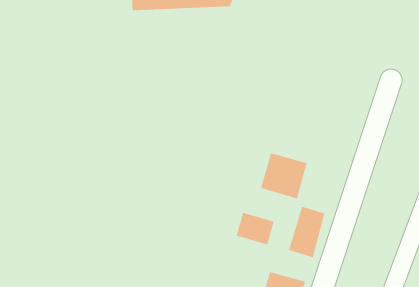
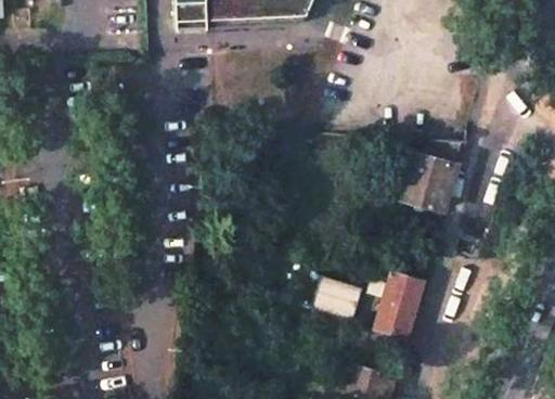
building: [260,153,308,199] -> [398,151,459,210]

